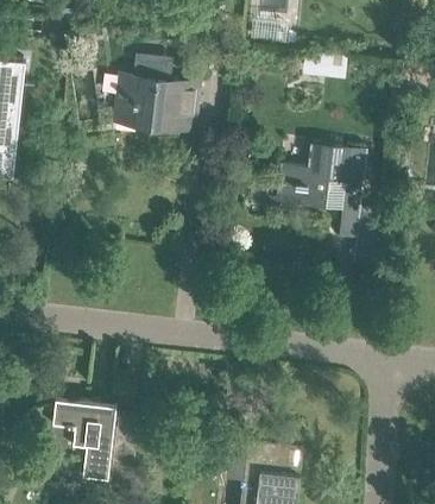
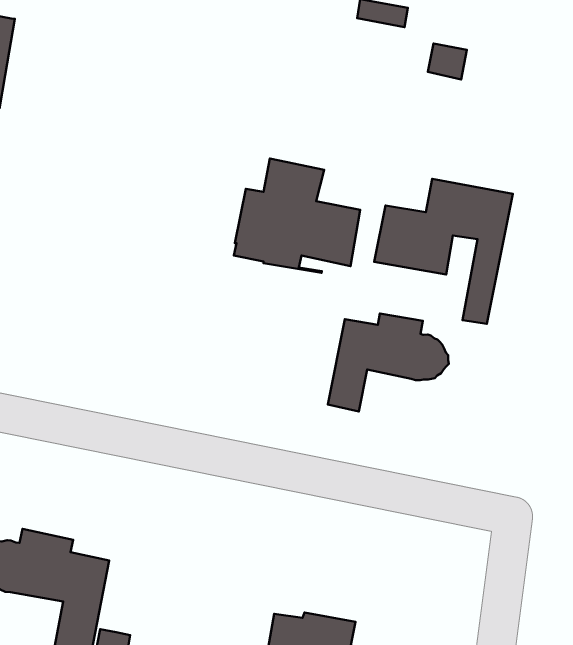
building: [116,56,198,130] -> [234,159,360,273]
building: none -> [328,313,449,411]

